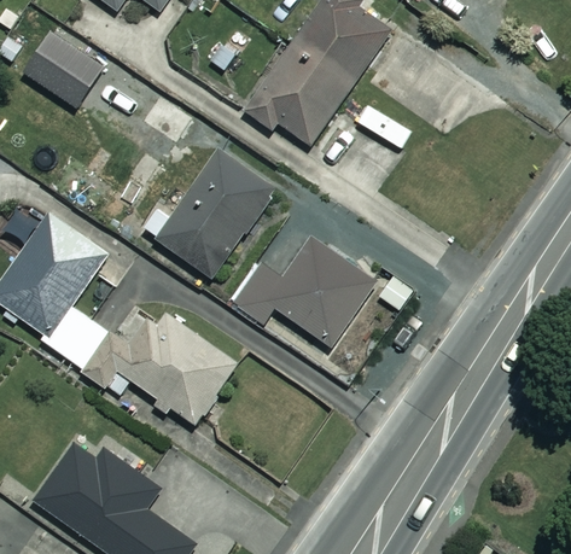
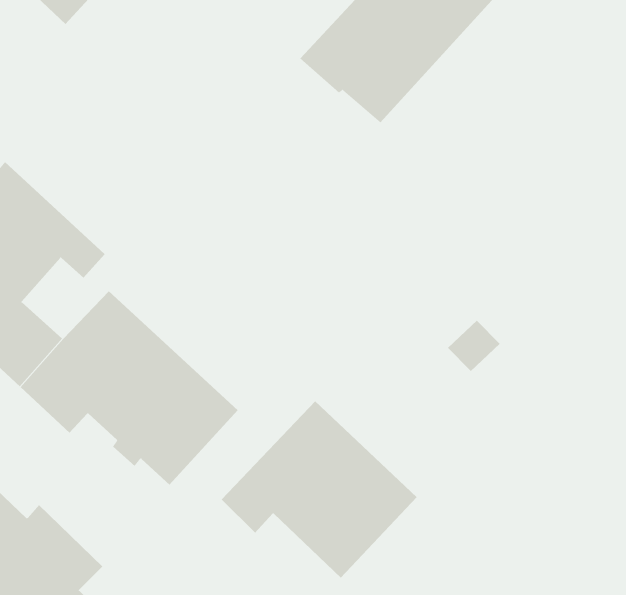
building: [140,150,274,278] -> none
building: [235,222,374,345] -> [221,400,417,578]

